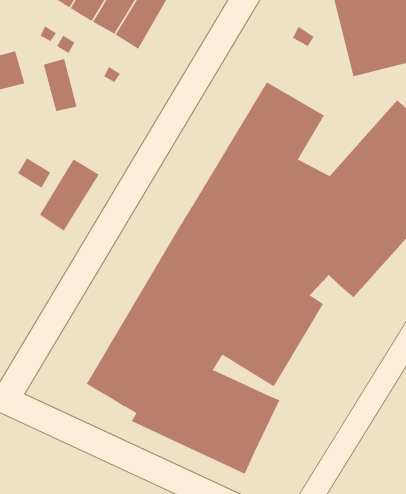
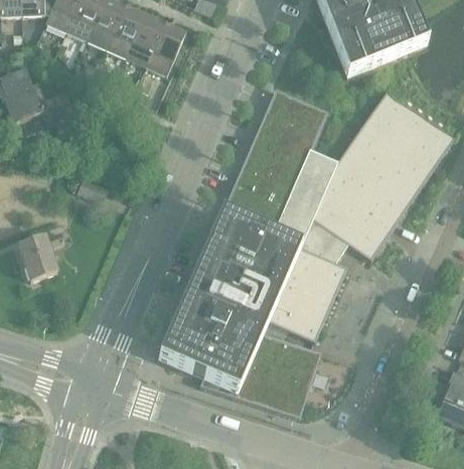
building: [43,58,77,112] -> none
building: [39,159,99,232] -> none

